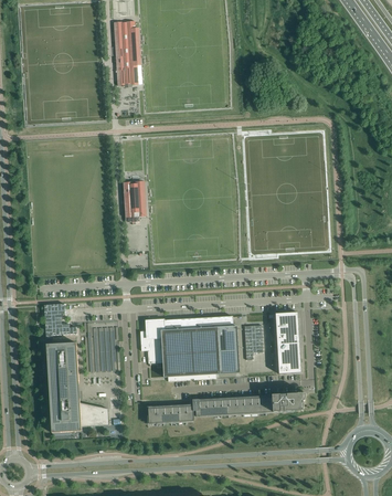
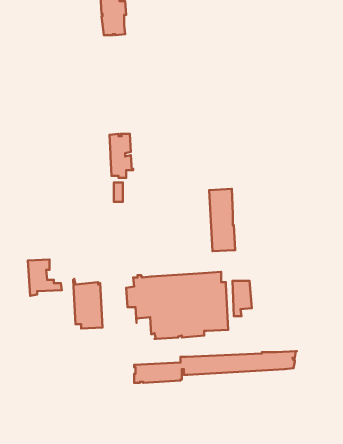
building: [276,313,301,373] -> [209,189,235,251]
building: [46,342,109,432] -> none

